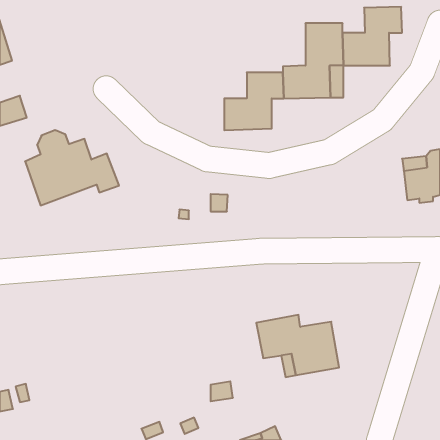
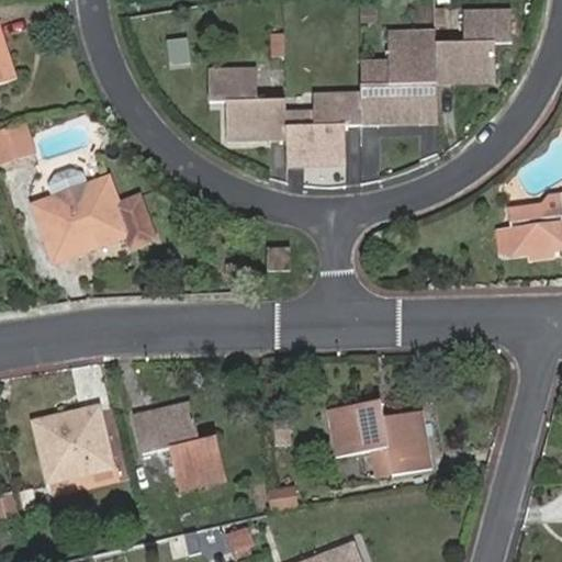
building: none -> [211,67,285,140]
building: none -> [134,401,226,492]
building: none -> [33,406,112,481]

